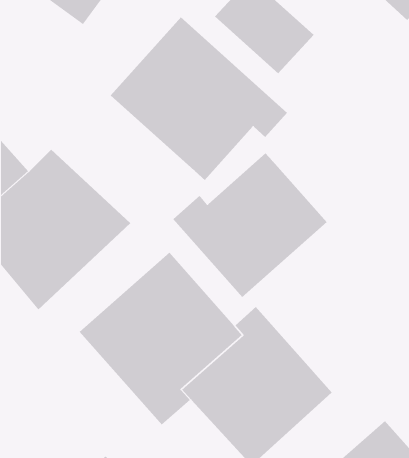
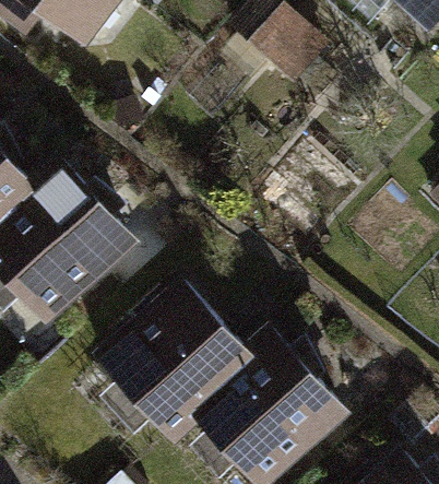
building: [110,16,288,181] -> none
building: [172,152,327,298] -> none

